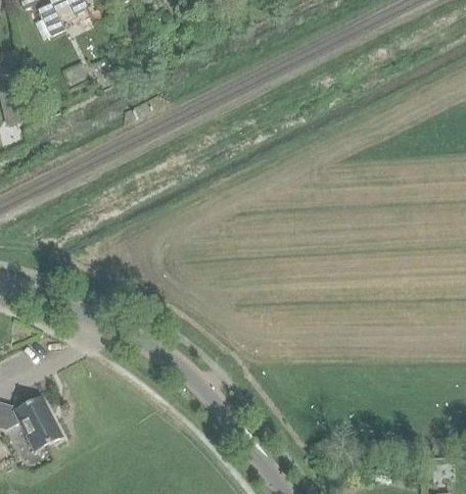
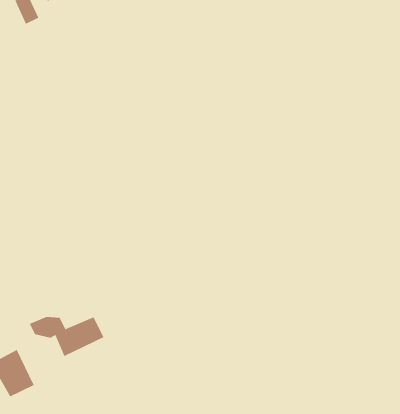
building: none -> [29,316,104,357]

